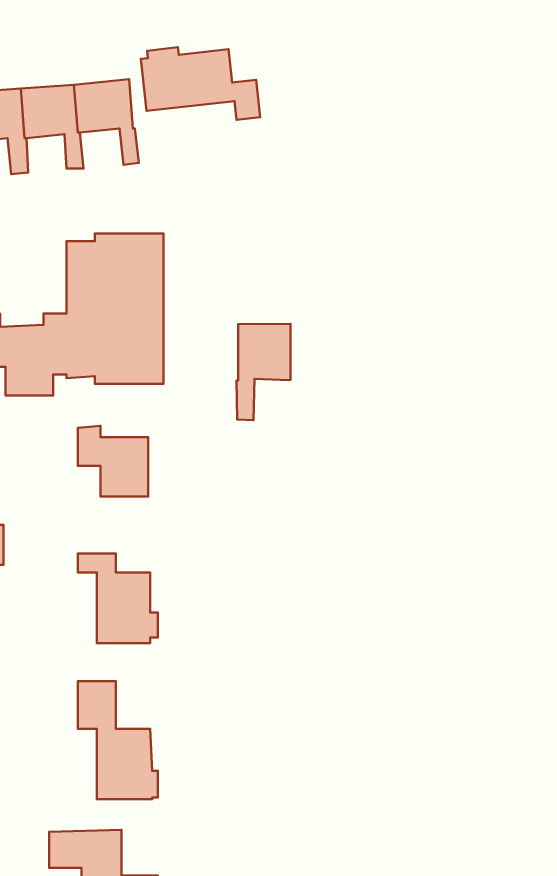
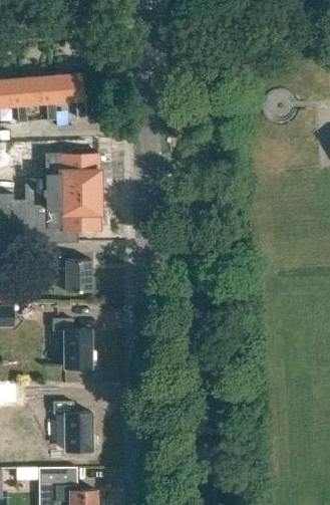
building: [141,47,260,120] -> none
building: [236,324,291,420] -> none

